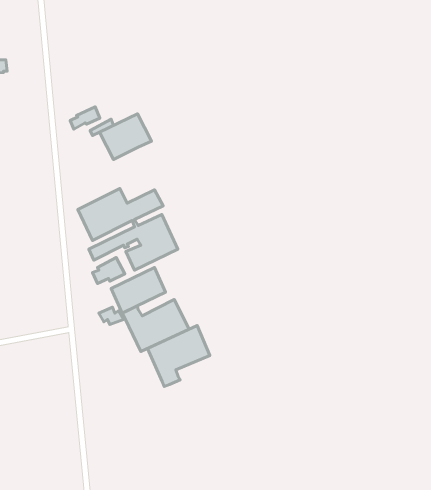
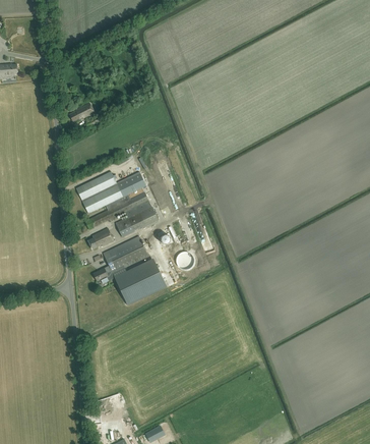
building: [99,114,151,160] -> none
building: [148,326,210,387] -> none

